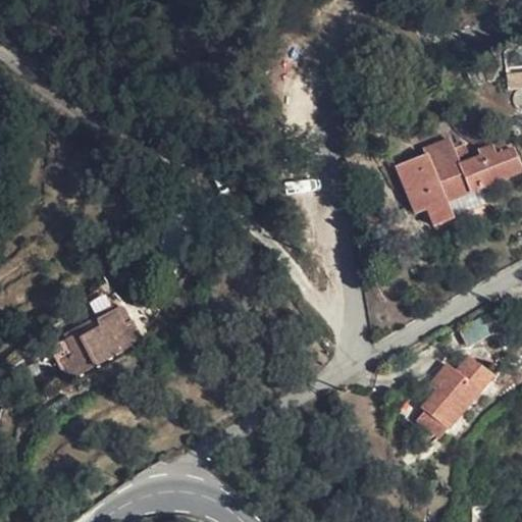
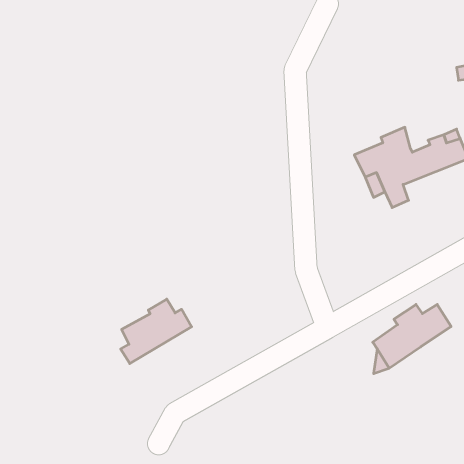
building: [63,299,142,370] -> [121,299,192,364]

